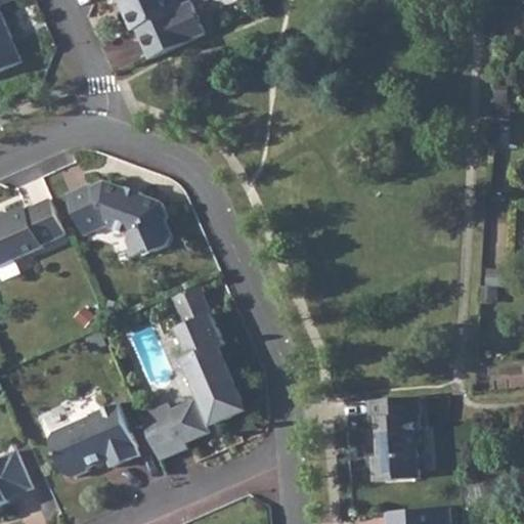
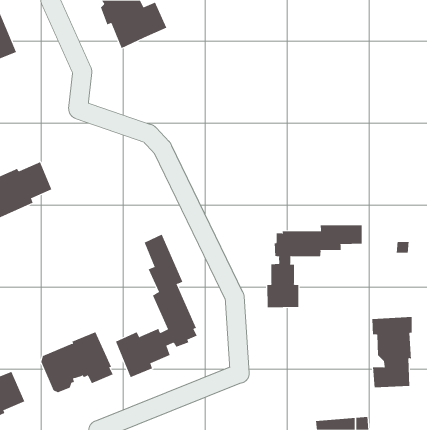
building: [64,180,172,257] -> none
building: none -> [267,225,362,308]
building: [367,397,418,484] -> [371,316,413,388]

